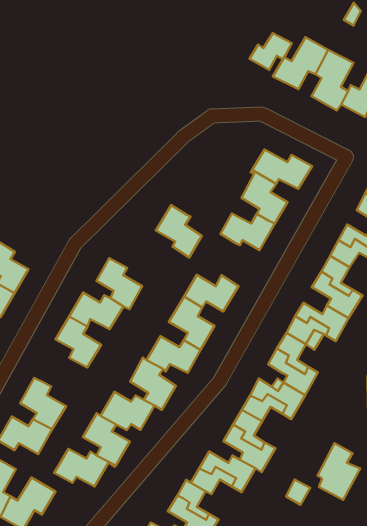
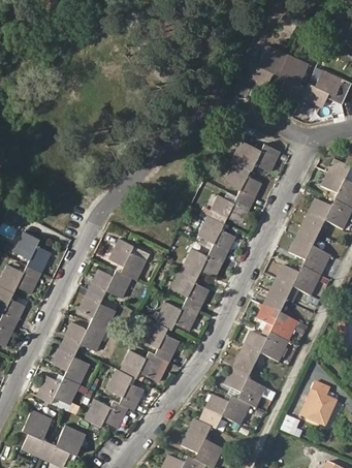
building: [250,33,292,70] -> none
building: [156,205,202,258] -> [198,213,236,255]
building: none -> [63,322,106,351]

